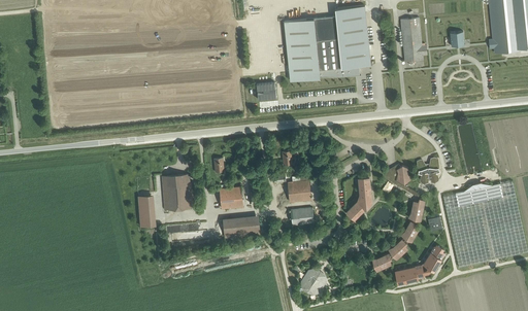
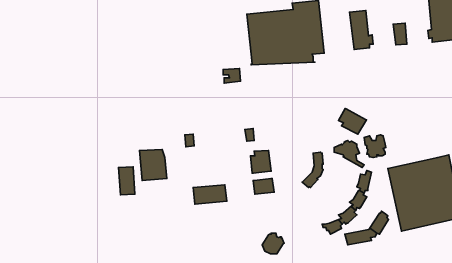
building: none -> [338,108,366,134]
building: [219,187,242,209] -> none

